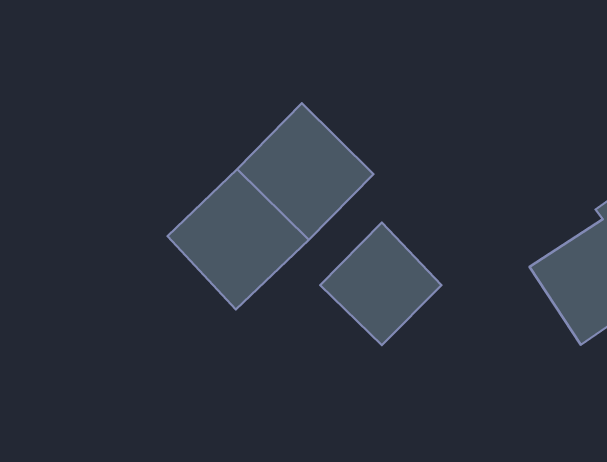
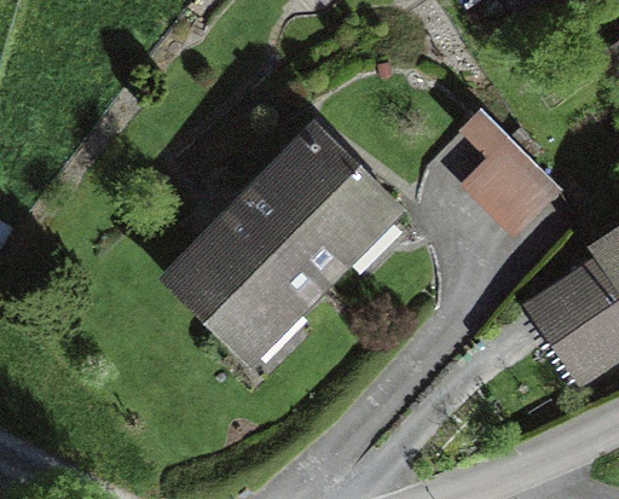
building: none -> [436,117,553,231]
building: [320,222,441,345] -> none

